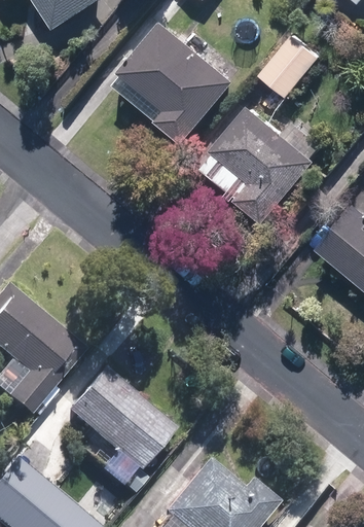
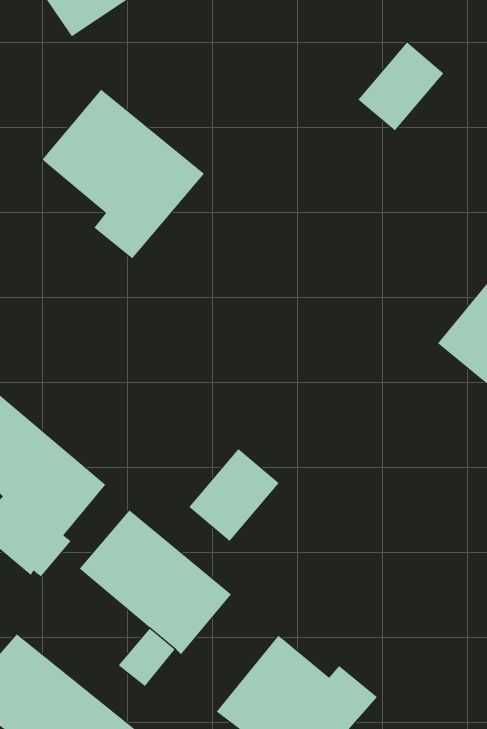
building: [117,23,233,144] -> [42,89,205,259]
building: [208,106,319,224] -> none
building: none -> [189,448,279,542]

